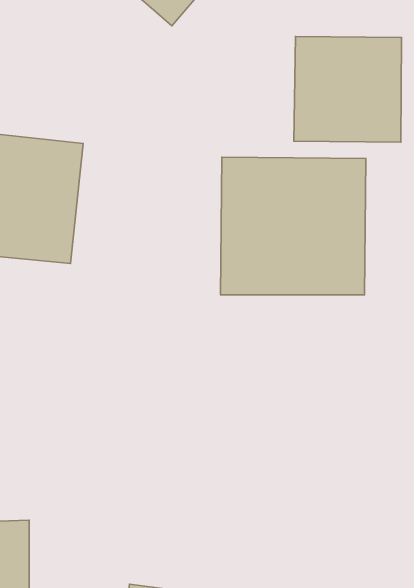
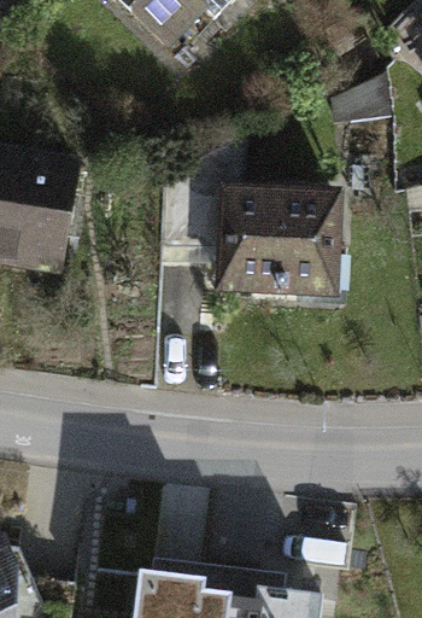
building: [294,37,401,142] -> none

